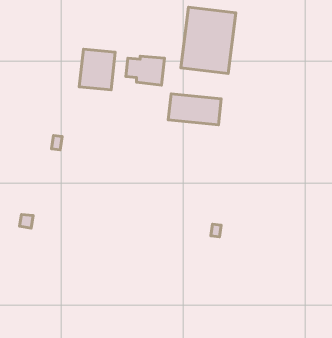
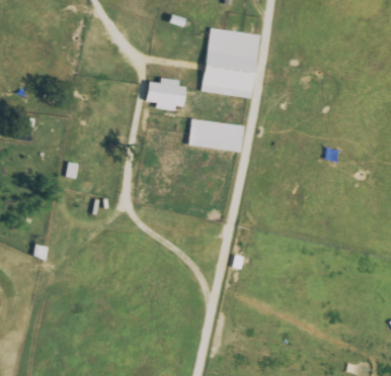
building: [79,49,115,90] -> none

